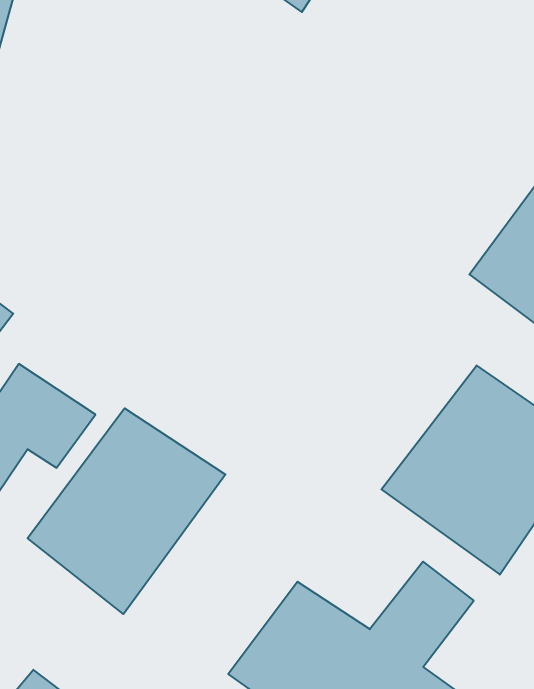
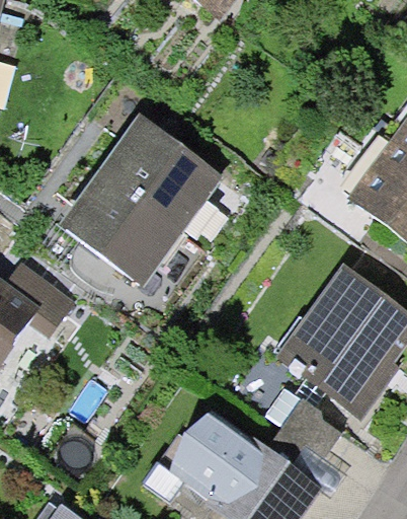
building: none -> [60,114,224,285]
building: [28,408,225,614] -> none

